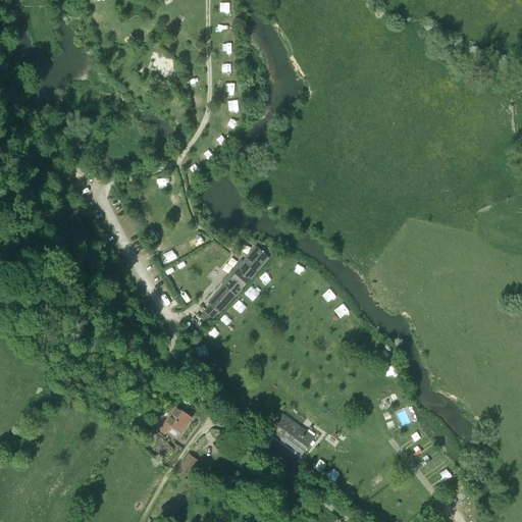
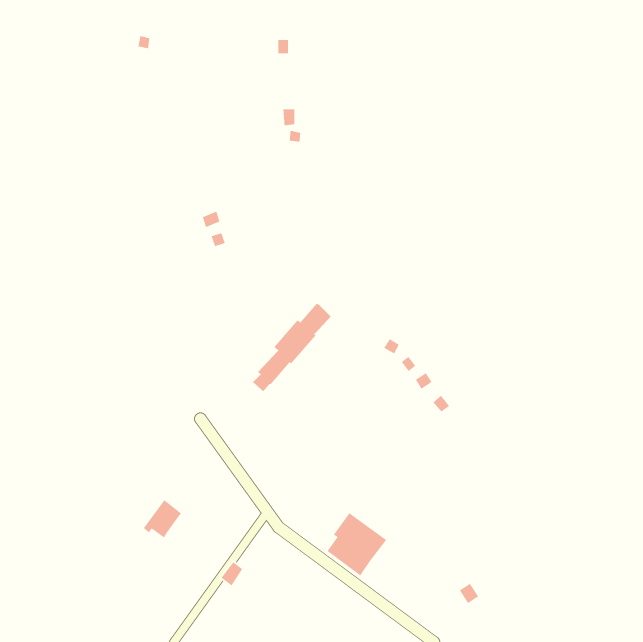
building: [160,405,192,436] -> [143,499,182,538]

